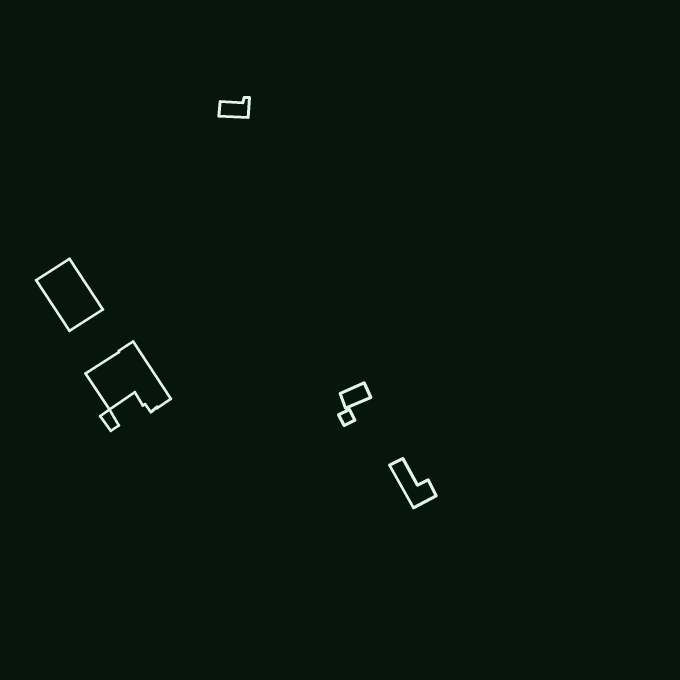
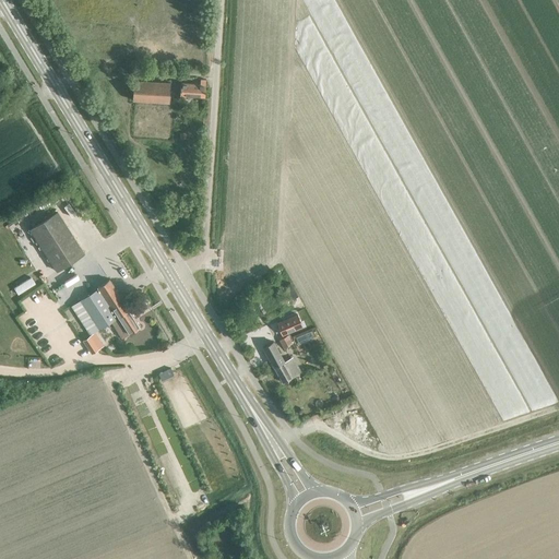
building: none -> [132,81,169,104]
building: [390,459,436,508] -> [261,343,299,383]

